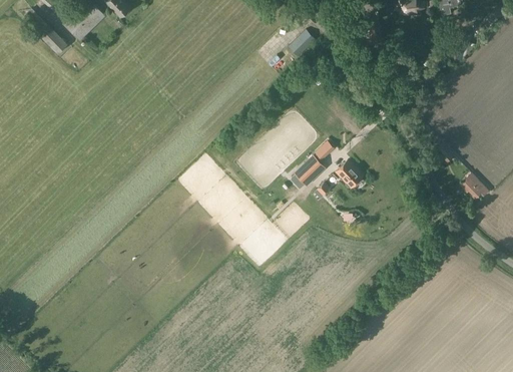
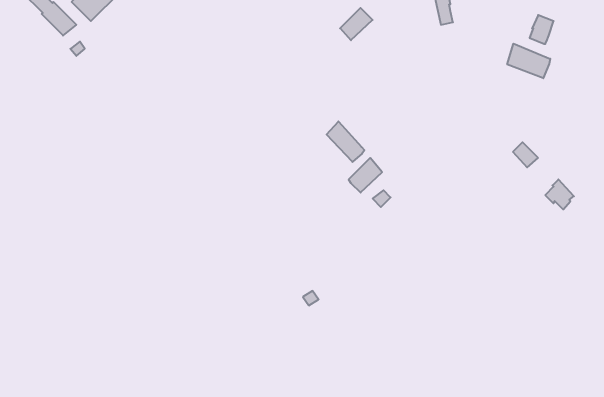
building: none -> [507,44,550,78]
building: none -> [327,121,364,162]
building: [337,159,364,187] -> none

